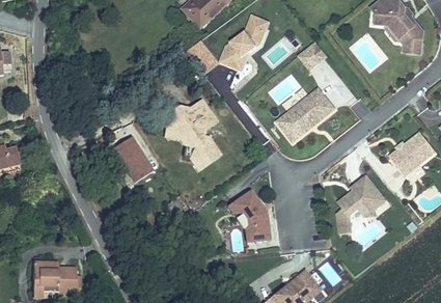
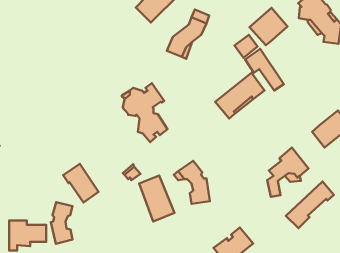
building: none -> [249,8,288,45]
building: [111,136,153,182] -> [63,164,98,203]
building: none -> [139,175,174,221]
building: none -> [286,182,334,228]
building: none -> [51,202,73,244]

